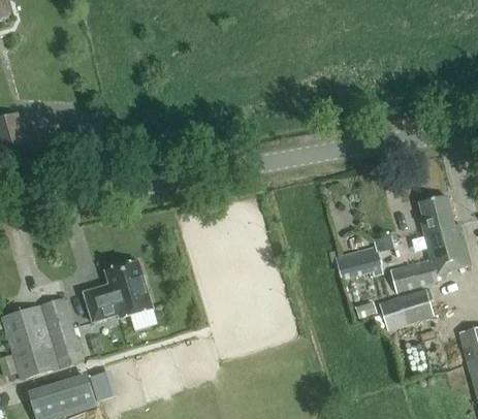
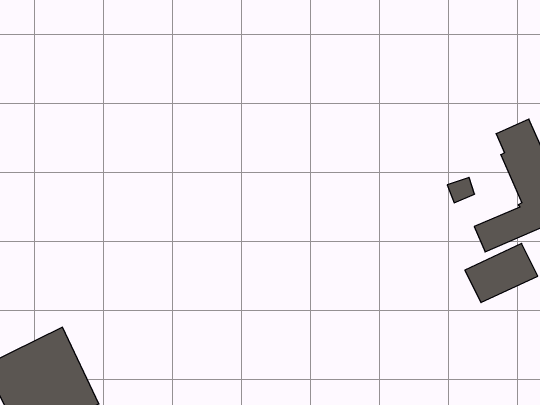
building: [336,245,381,273] -> none
building: [84,259,153,321] -> none

